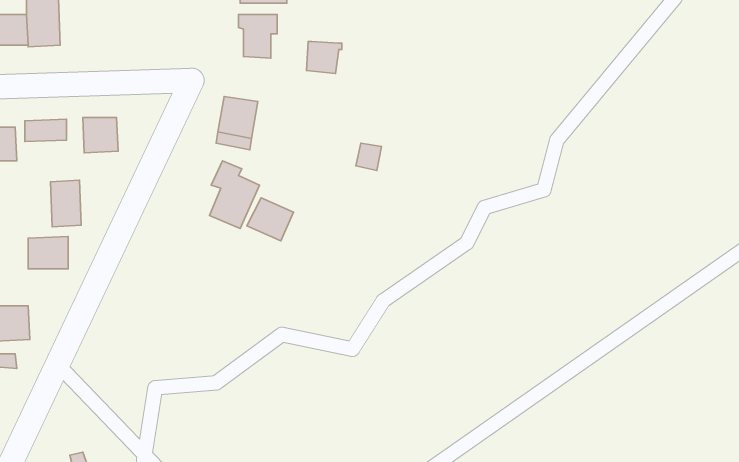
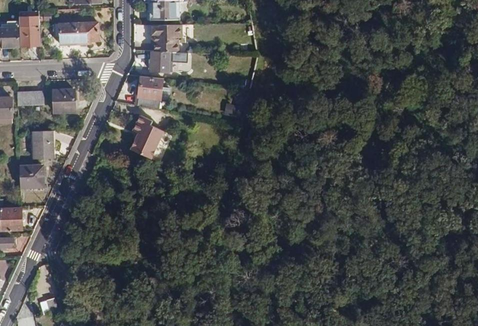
building: none -> [60,21,98,42]
building: [307,41,342,74] -> [150,52,172,72]
building: [247,198,293,241] -> none

